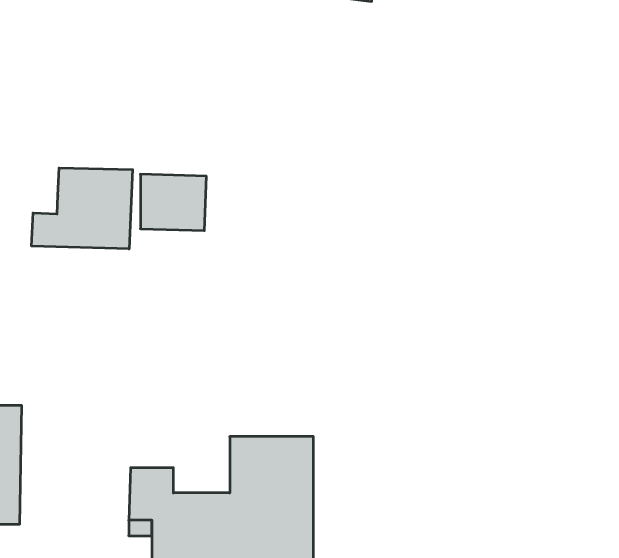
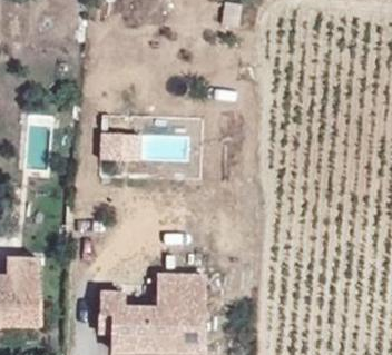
building: [32,168,133,249] -> none

